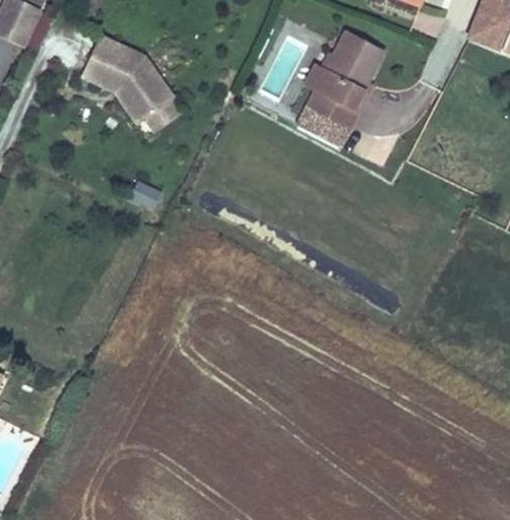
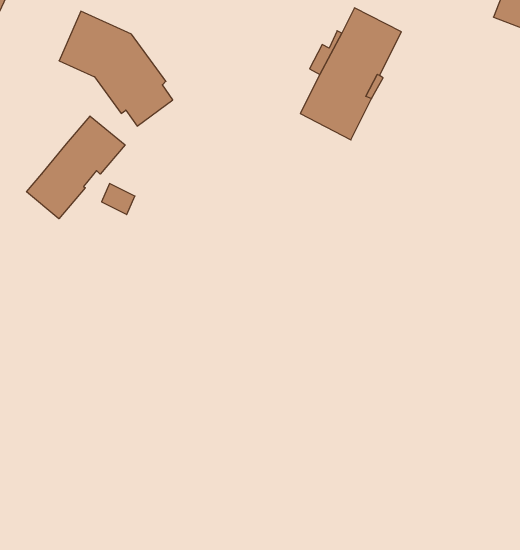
building: none -> [27,116,125,219]

